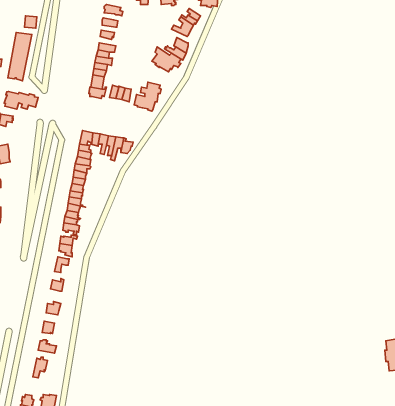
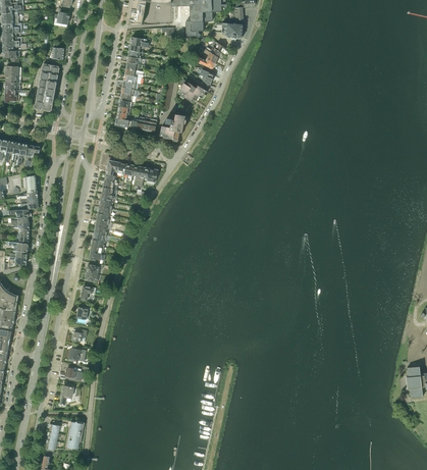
building: [4,91,38,109] -> none

